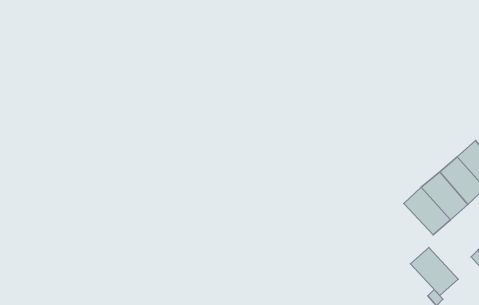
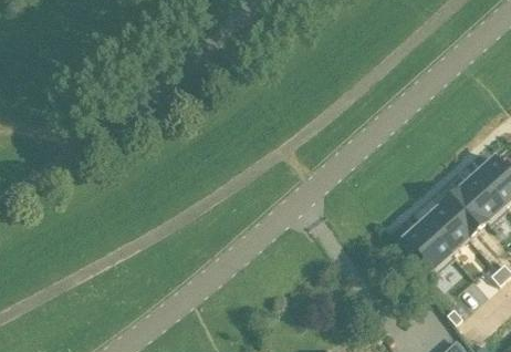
building: [411,248,458,295] -> [403,222,451,271]

